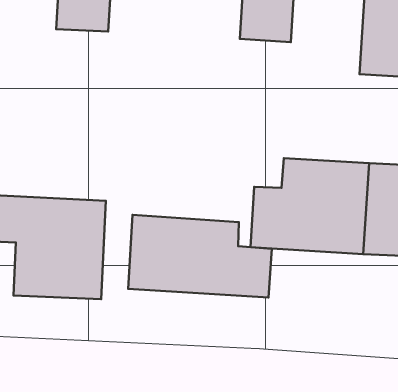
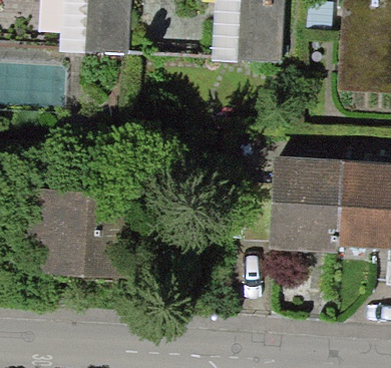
building: [128,215,272,298] -> none

